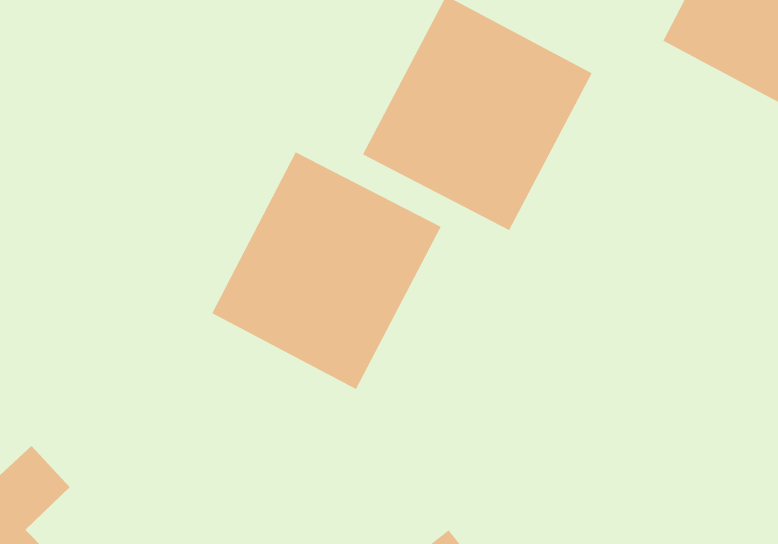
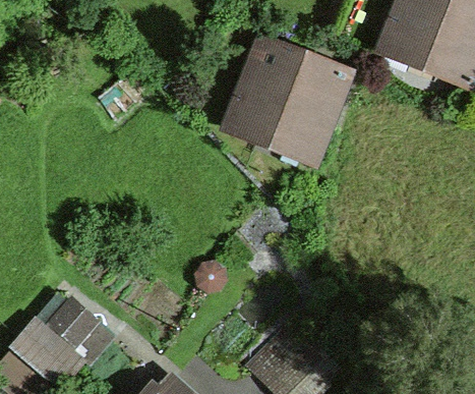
building: [212,152,441,390] -> none

